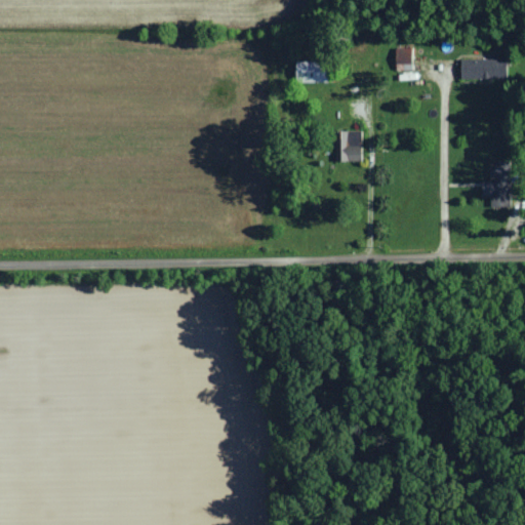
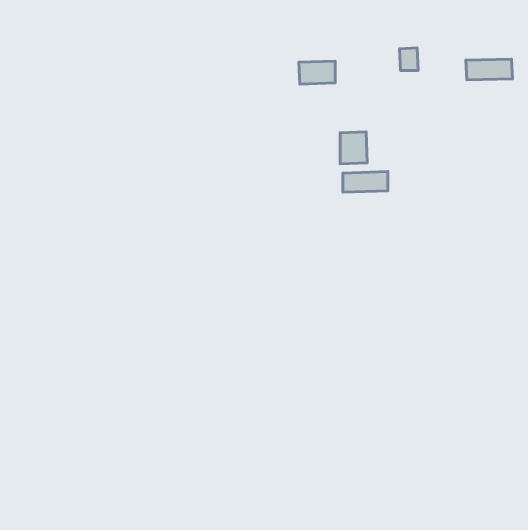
building: [483,161,512,207] -> none
building: none -> [343,172,388,192]

